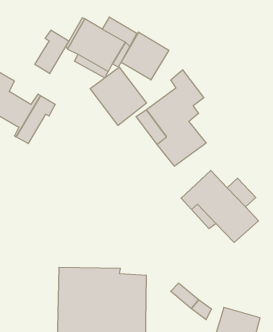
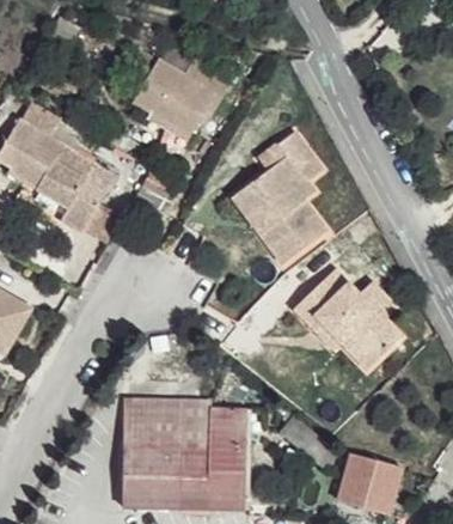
building: [35,30,69,74] -> none
building: [121,32,169,80] -> none
building: [90,67,146,125] -> none

